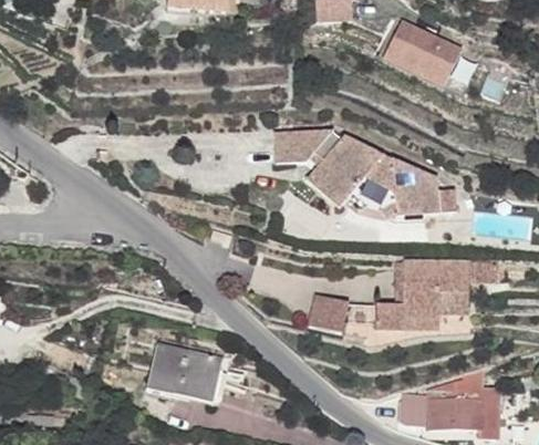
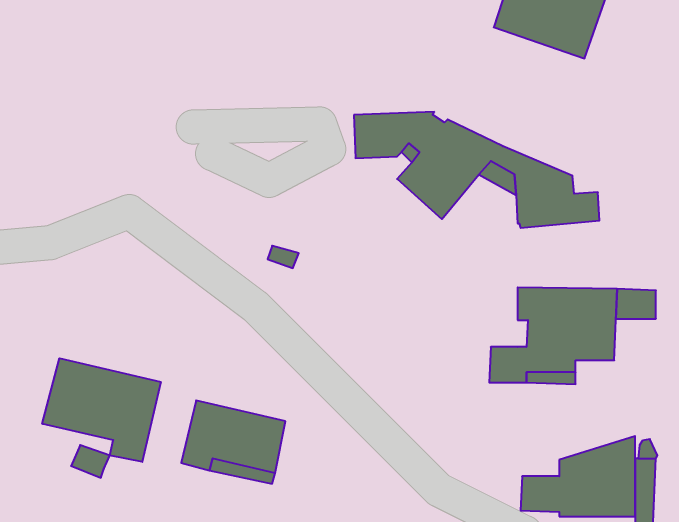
building: [308,294,349,334] -> none
building: none -> [42,358,161,462]

